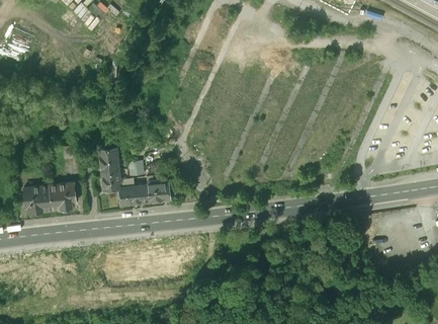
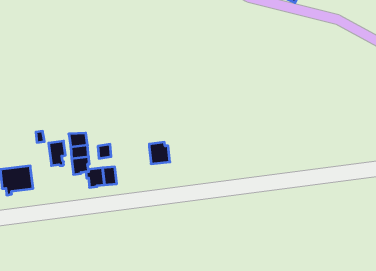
building: [148,179,170,202] -> [149,142,170,164]
building: [57,181,75,208] -> [49,141,65,166]

